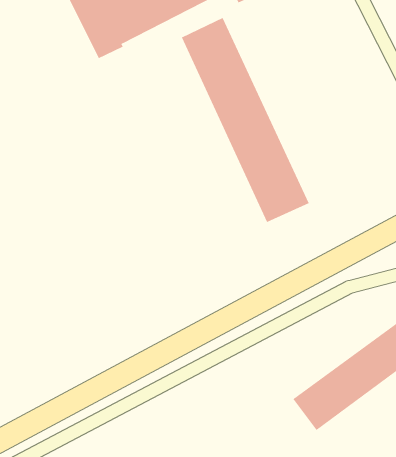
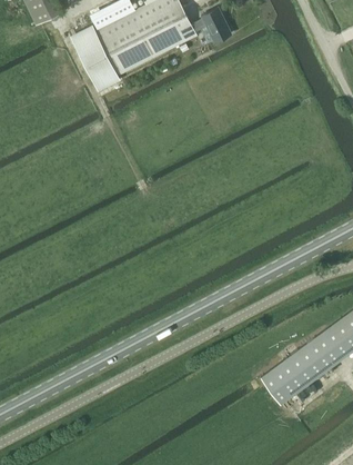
building: [181,17,310,223] -> none

